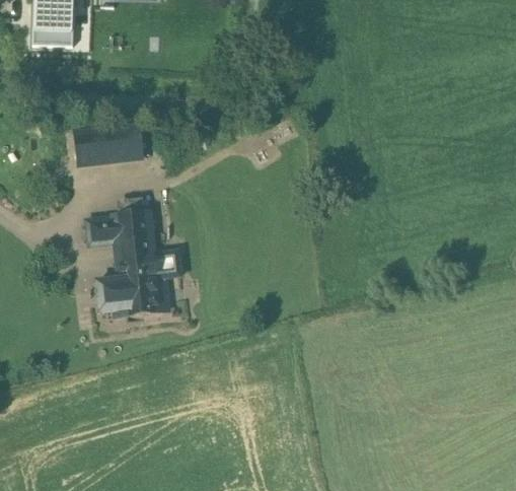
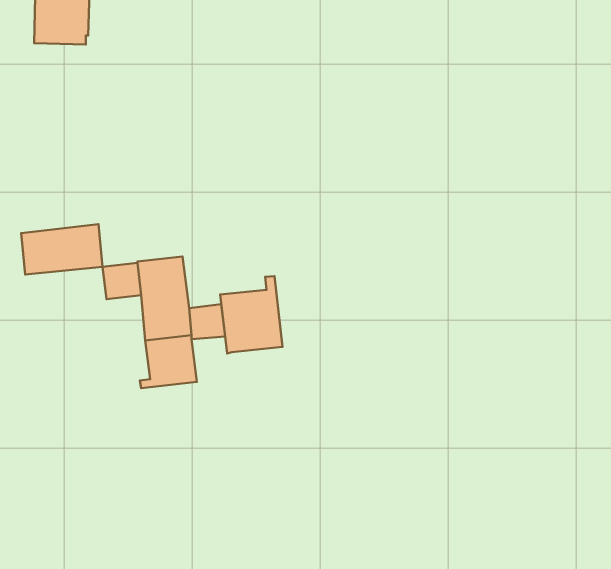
building: [77,125,141,164] -> [21,224,103,275]
building: none -> [220,276,283,353]
building: [97,279,124,312] -> none

